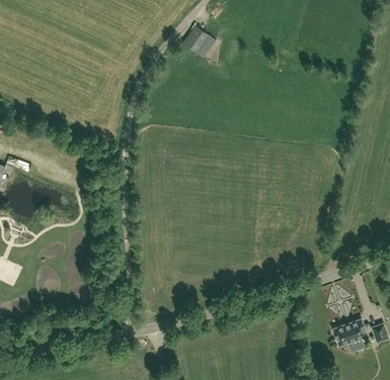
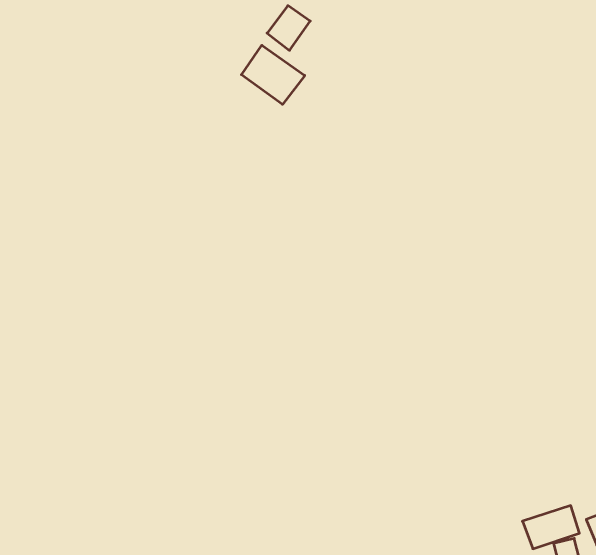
building: none -> [241,45,305,104]

